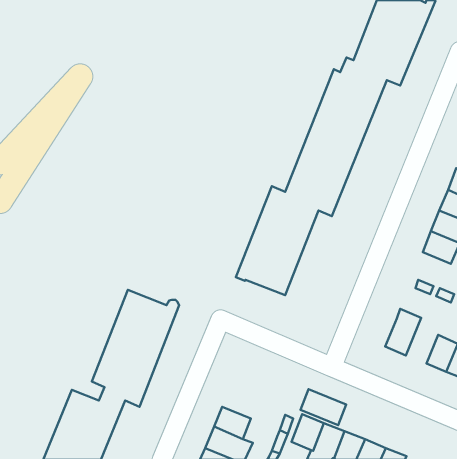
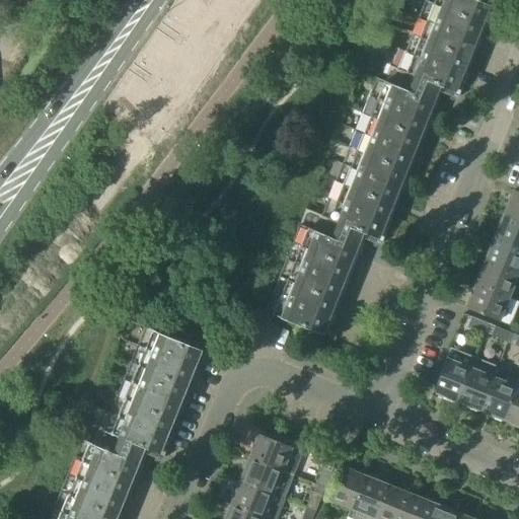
building: none -> [470,285,511,322]
building: none -> [460,359,501,411]
building: [300,389,346,425] -> [253,436,305,476]

